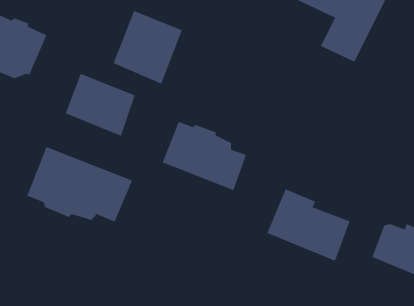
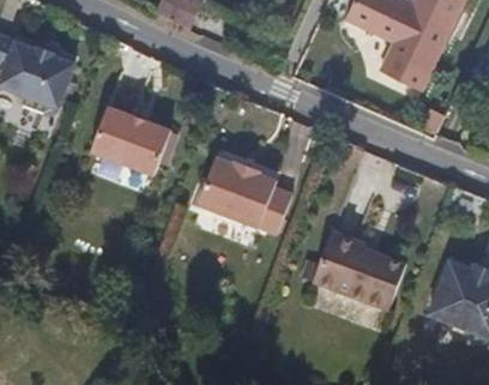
building: [113,10,182,84] -> none
building: [26,146,133,223] -> none

